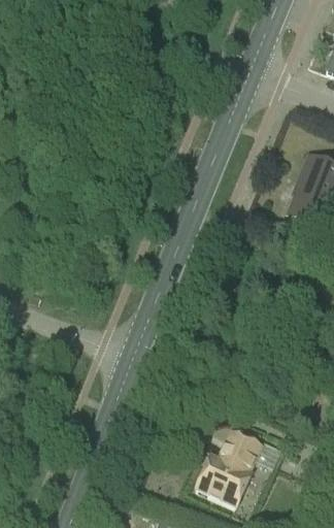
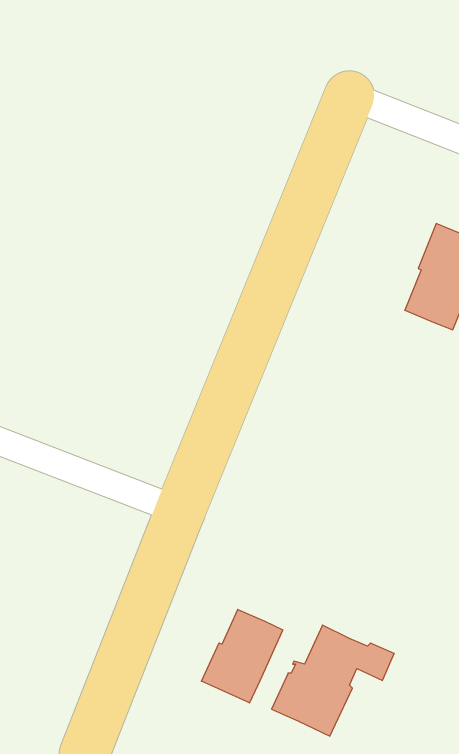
building: none -> [201,609,283,703]

